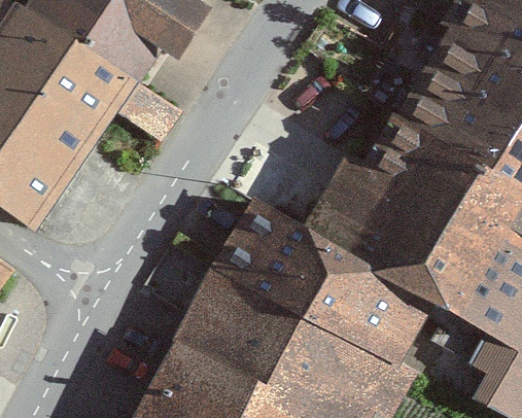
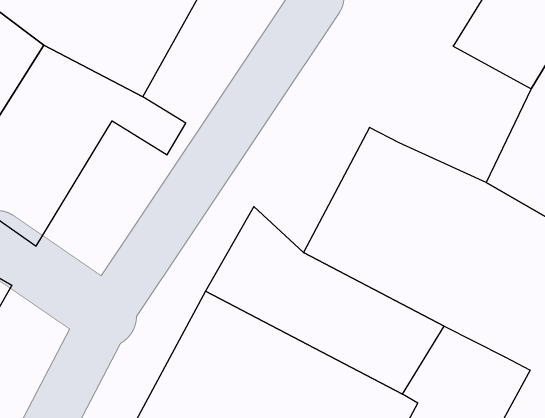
building: [378,45,501,173] -> none

